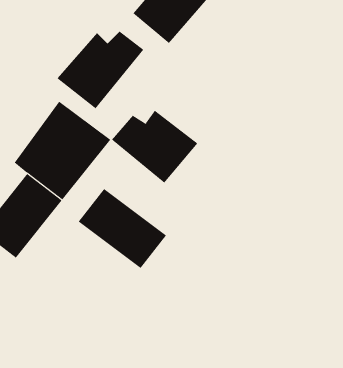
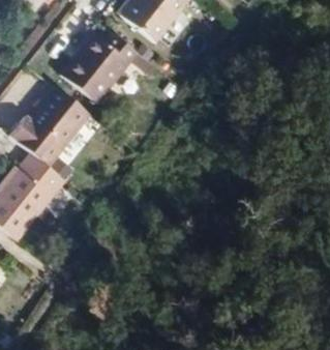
building: [111,110,198,183] -> none
building: [78,188,167,269] -> none

